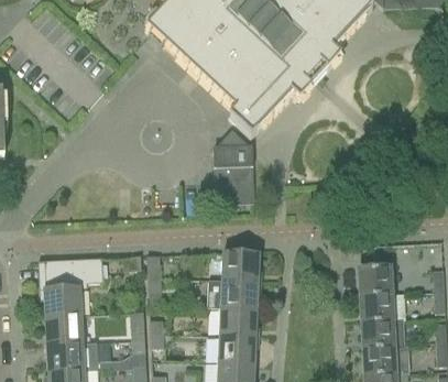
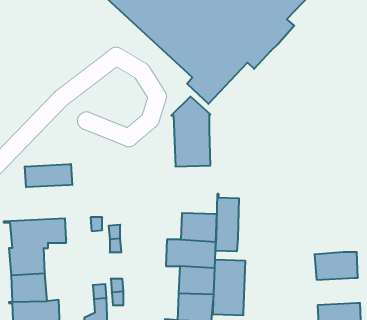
building: none -> [25,164,72,187]
building: none -> [215,194,239,251]
building: [361,264,392,292] -> none
building: none -> [213,260,245,315]
building: [364,316,406,345] -> none

